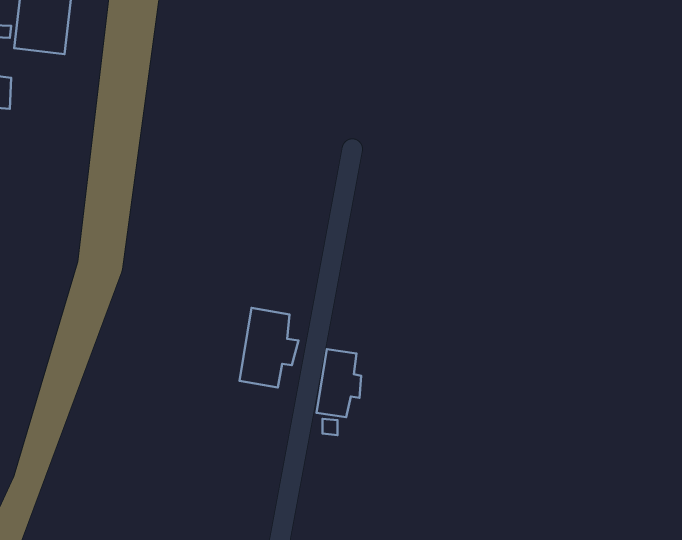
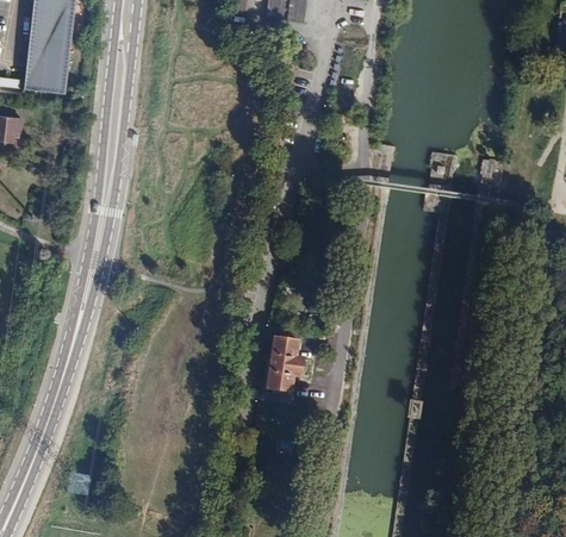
building: [240,308,299,388] -> none

